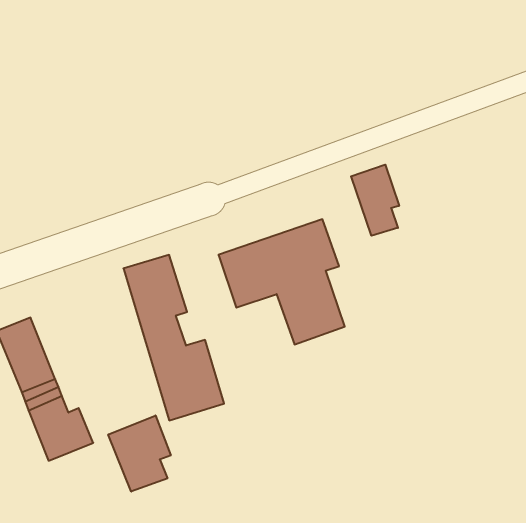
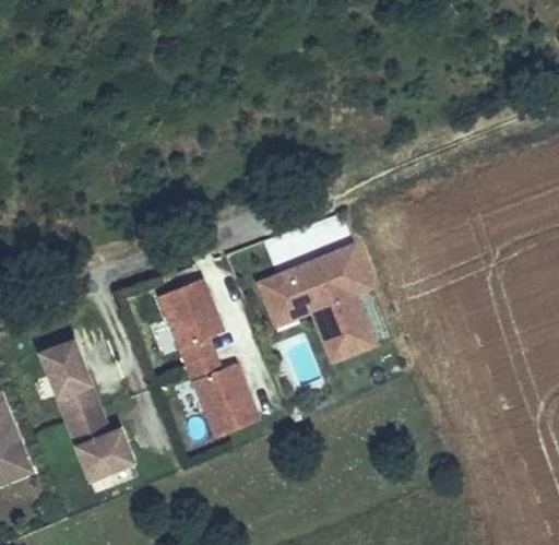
building: [351,165,399,236] -> none
building: [108,415,171,492] -> none

